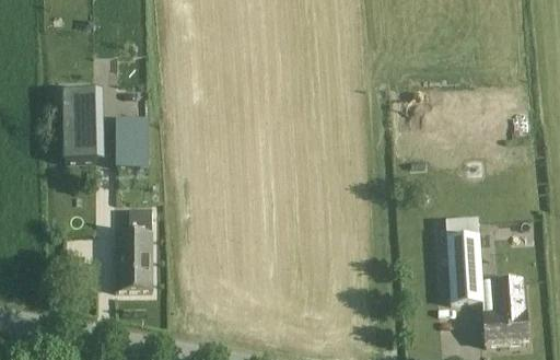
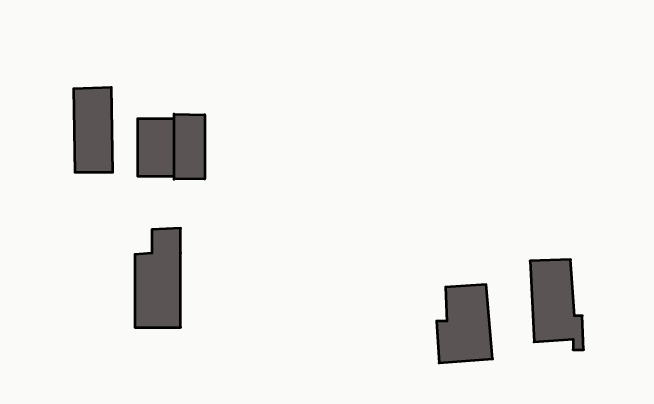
building: none -> [174,114,205,179]
building: [481,277,528,342] -> [437,285,493,363]

